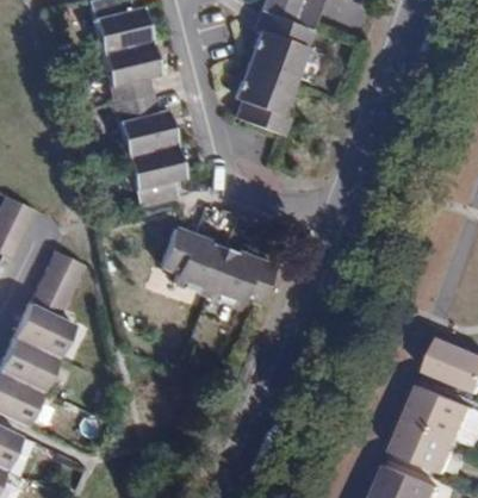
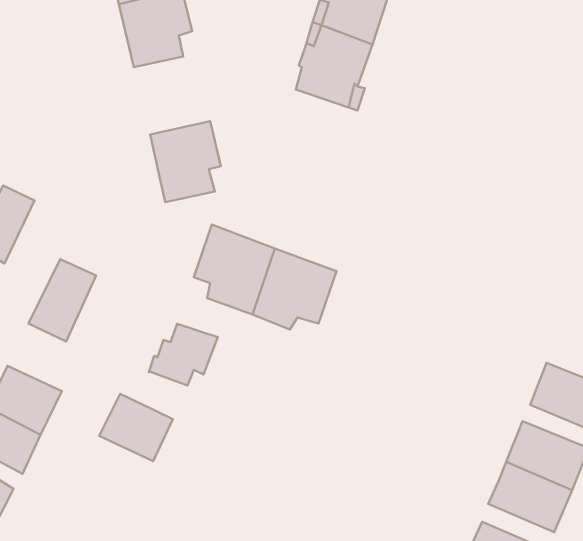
building: [111,93,172,155] -> none
building: [11,305,69,359] -> [99,394,173,461]
building: none -> [149,324,218,385]

